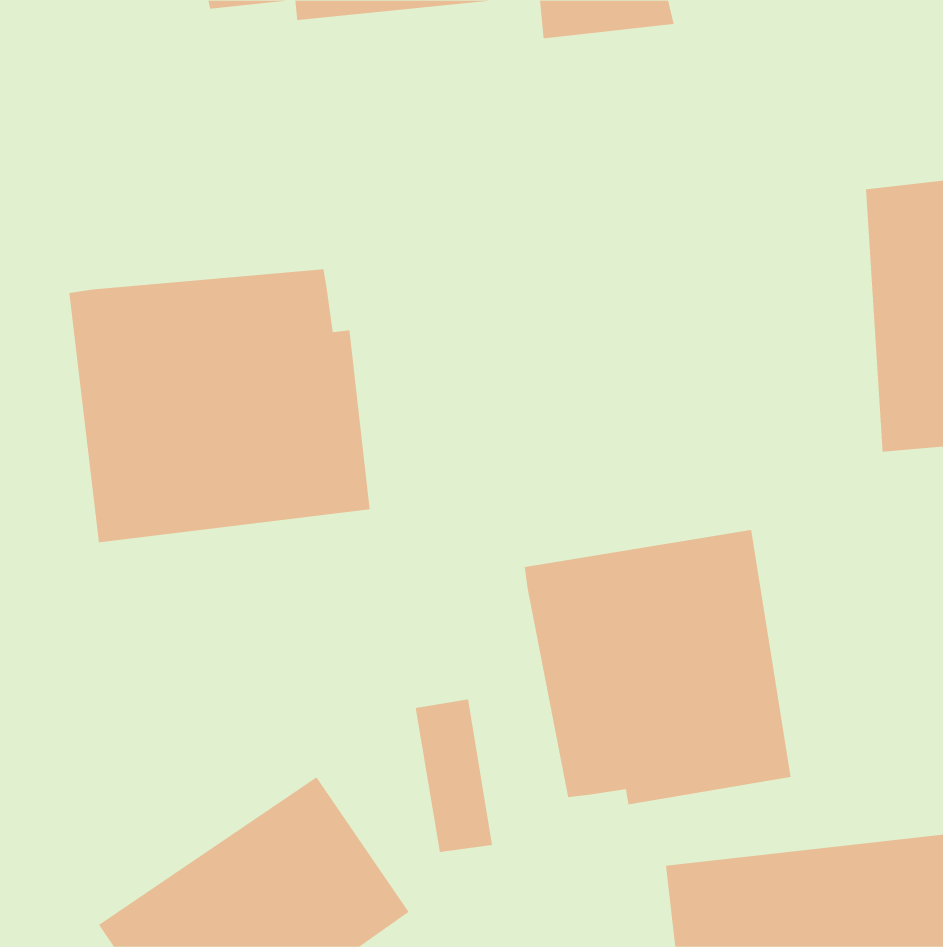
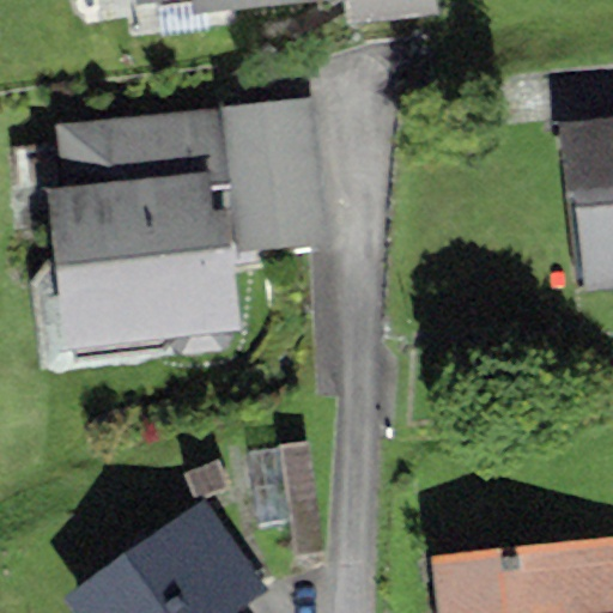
building: none -> [57,109,230,188]
building: [524,529,791,805] -> none

